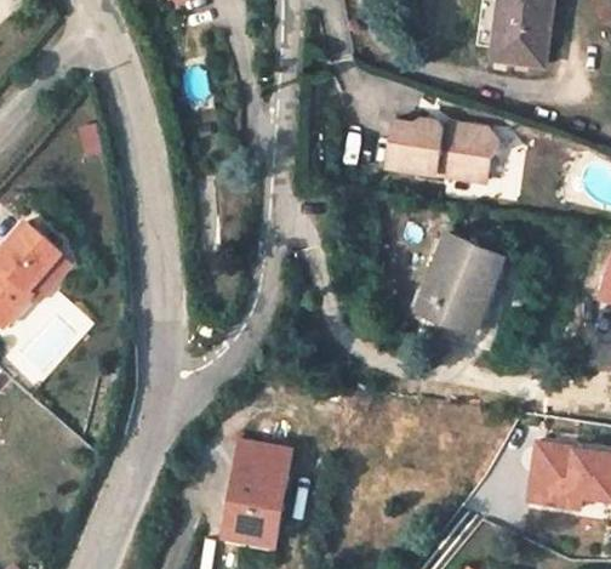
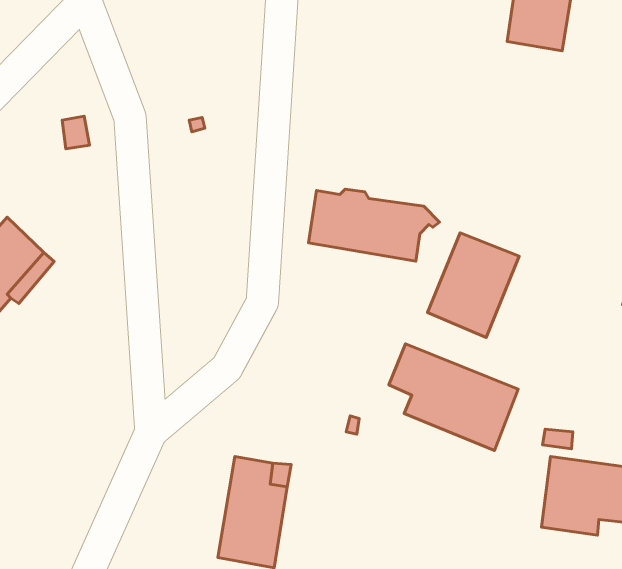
building: [386,118,507,184] -> [308,189,439,261]
building: none -> [389,344,518,451]

